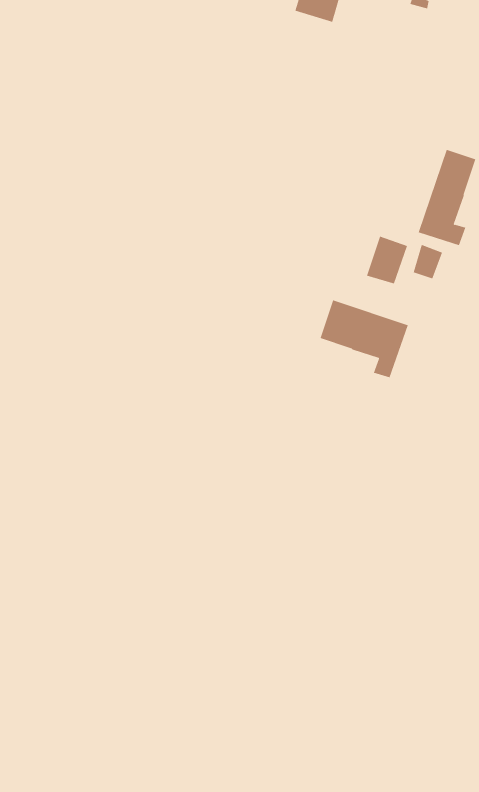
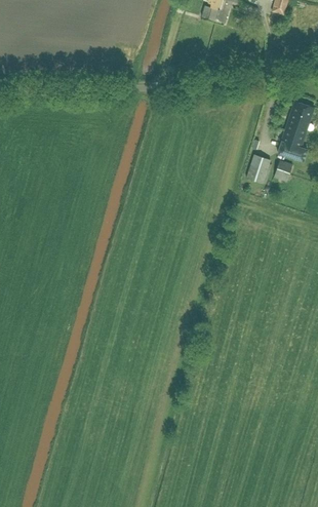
building: [320,300,408,378] -> none

